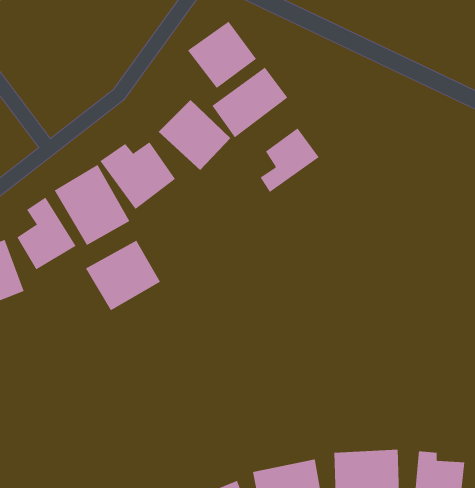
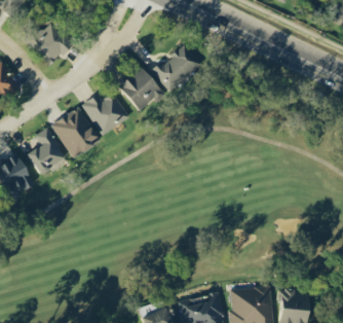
building: [187,21,257,89] -> none
building: none -> [31,23,74,63]
building: [260,127,320,193] -> none
building: [85,240,161,311] -> none

